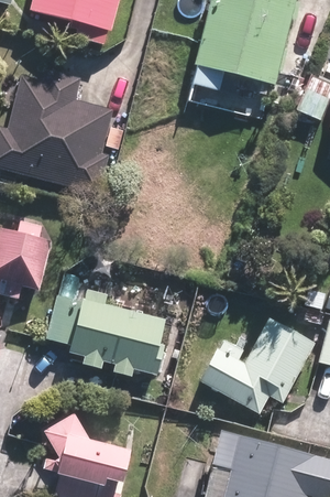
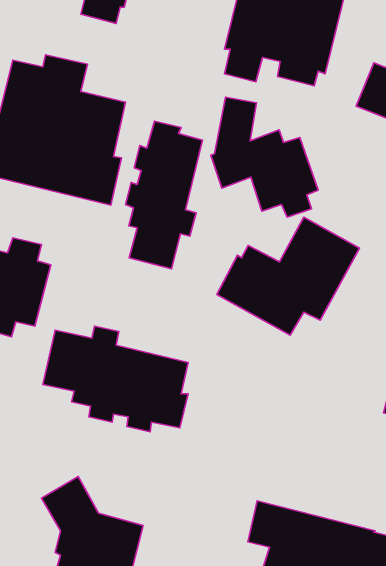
building: none -> [211,97,318,217]
building: none -> [126,121,202,269]
building: [199,317,315,413] -> [217,217,359,335]

